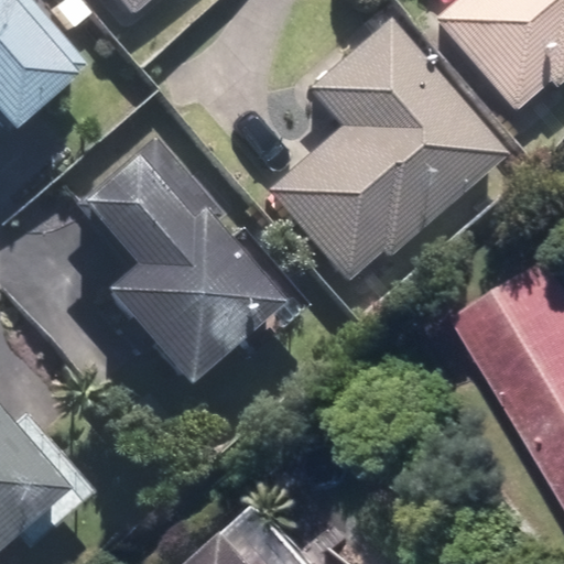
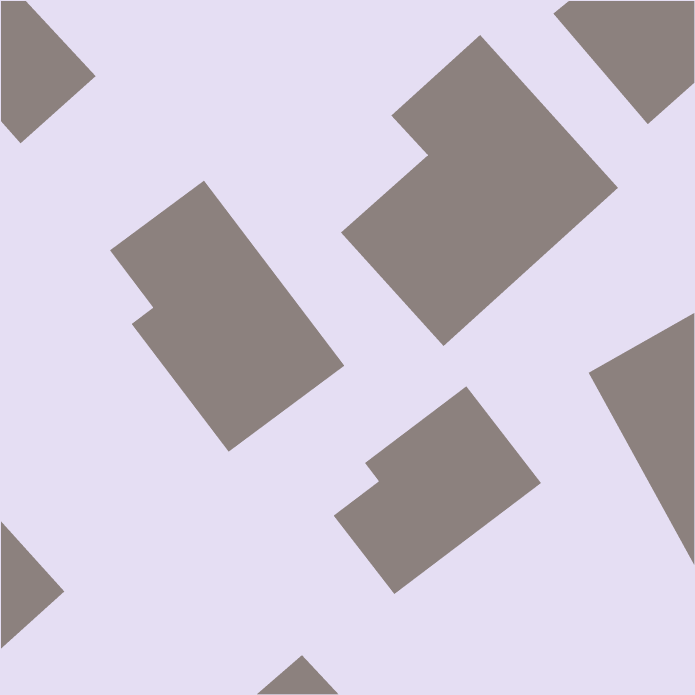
building: none -> [332,385,542,595]

